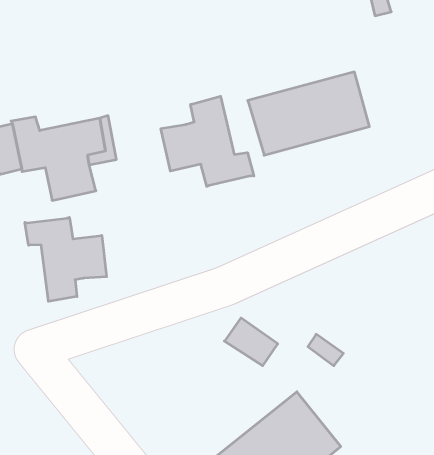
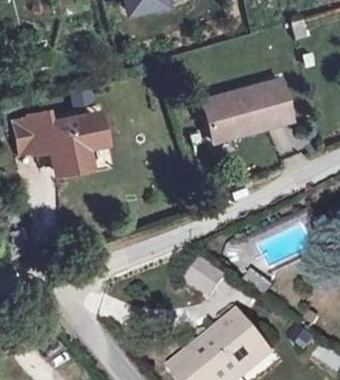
building: [161,96,254,186] -> none
building: [25,217,107,301] -> none

